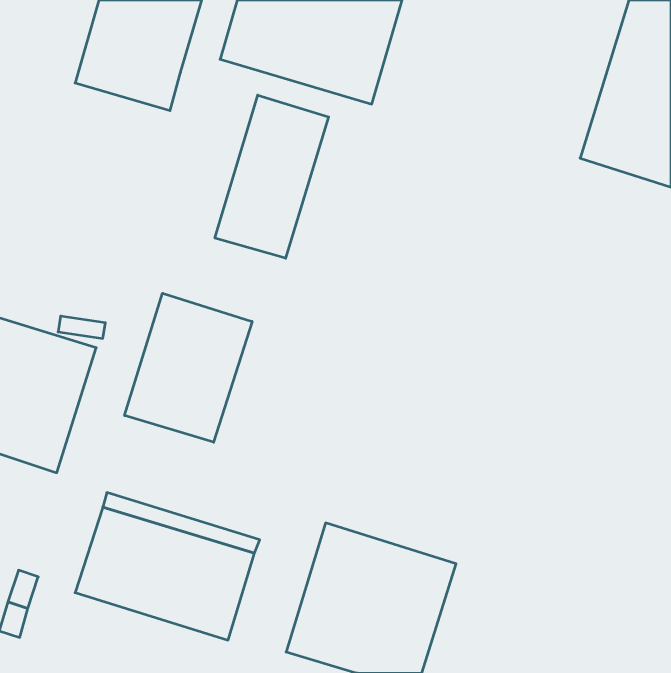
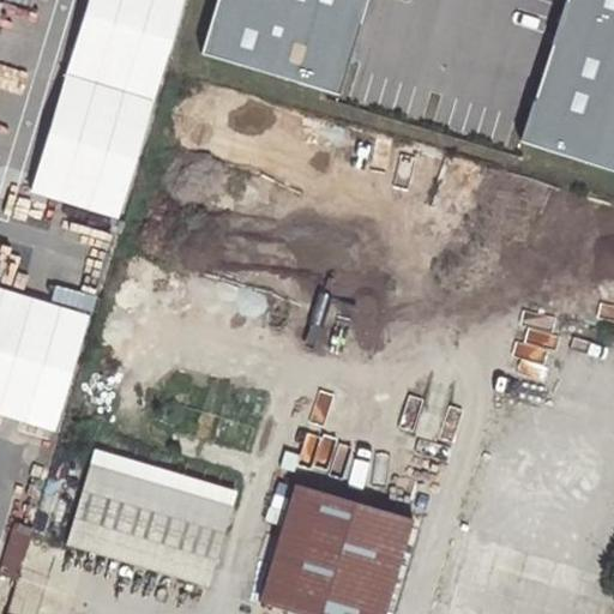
building: none -> [34,76,155,217]
building: [215,95,329,258] -> none
building: [125,293,252,442] -> none

